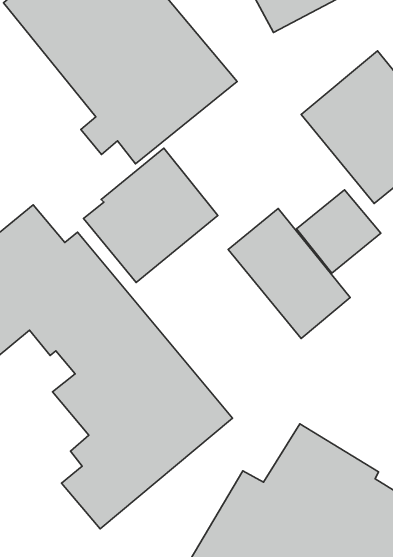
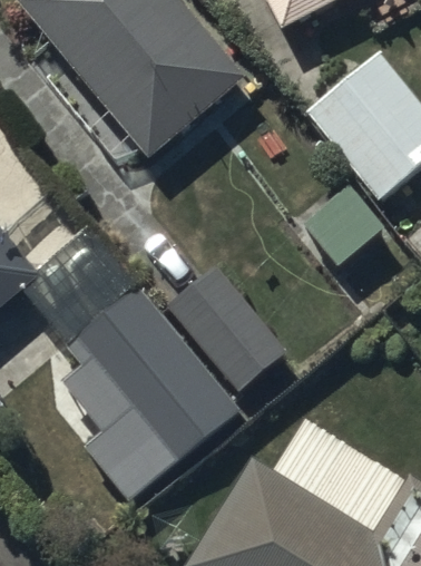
building: [83,148,218,283] -> none
building: [228,208,350,338] -> [168,265,287,392]

